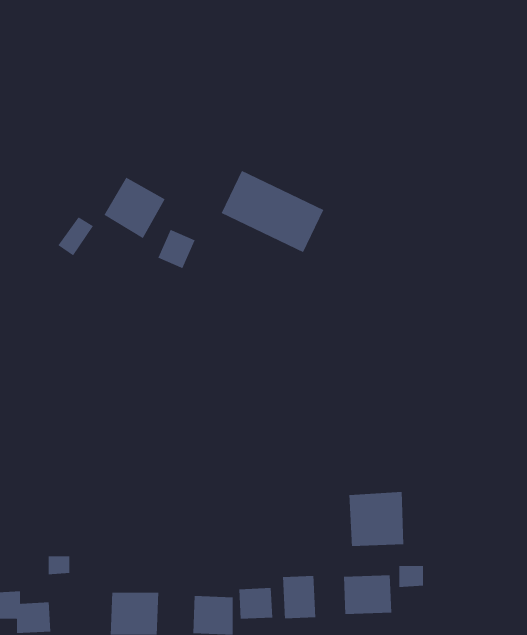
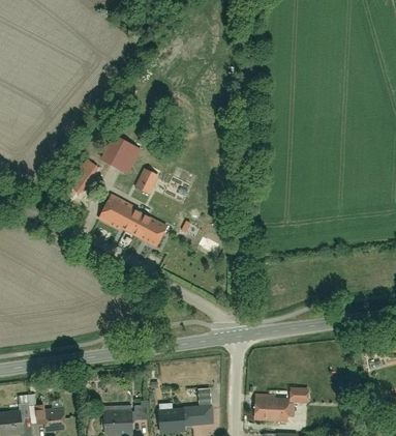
building: [221,170,324,253] -> [98,194,165,248]
building: [349,491,404,547] -> none
building: [283,575,316,619] -> none

